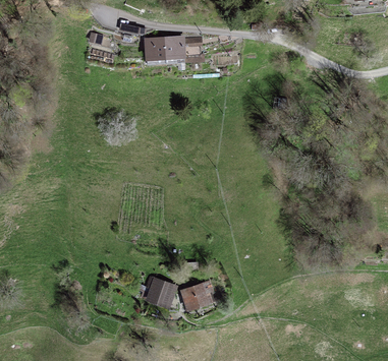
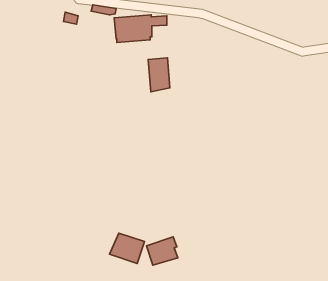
building: none -> [148,58,170,92]

